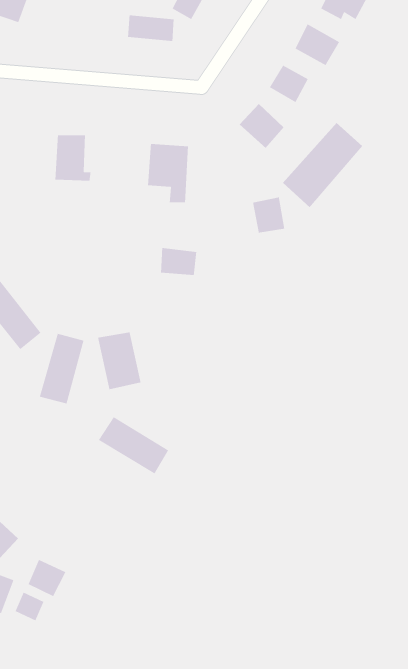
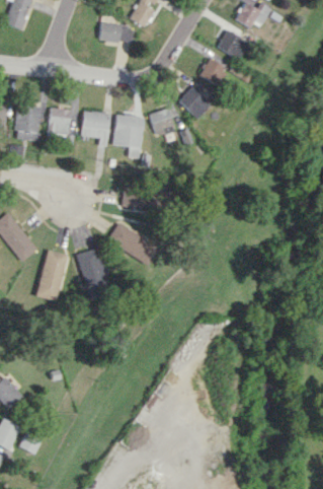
building: [282,122,363,208] -> none
building: none -> [14,104,42,141]
building: none -> [81,111,110,140]
building: [252,196,285,234] -> [151,109,174,135]
building: [98,416,169,475] -> [107,223,158,265]
building: [28,559,66,597] -> none

